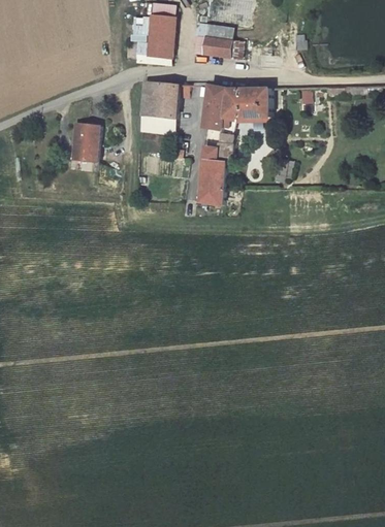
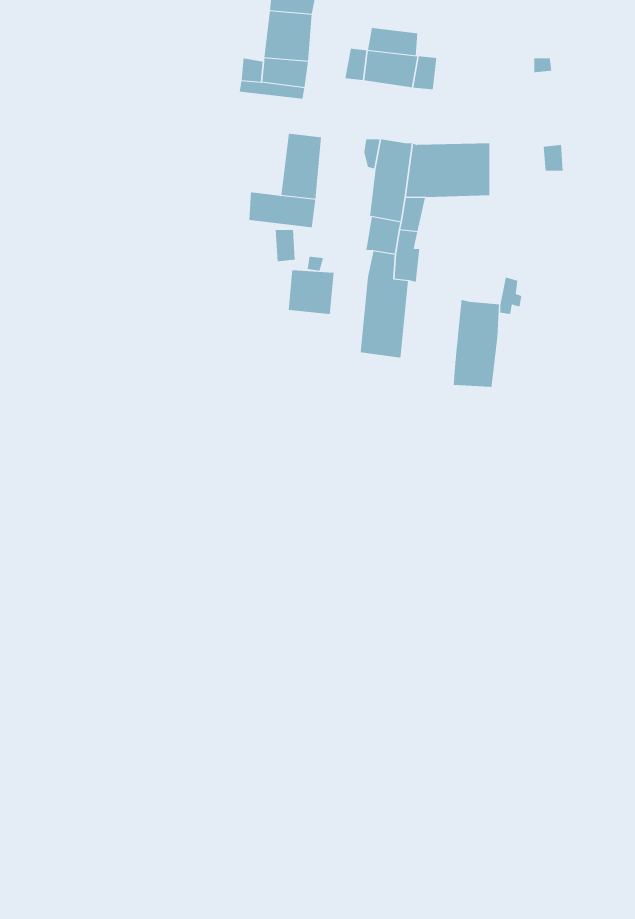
building: [140,83,161,117] -> none
building: [74,123,99,162] -> none
building: none -> [288,269,334,315]
building: none -> [453,299,500,388]

